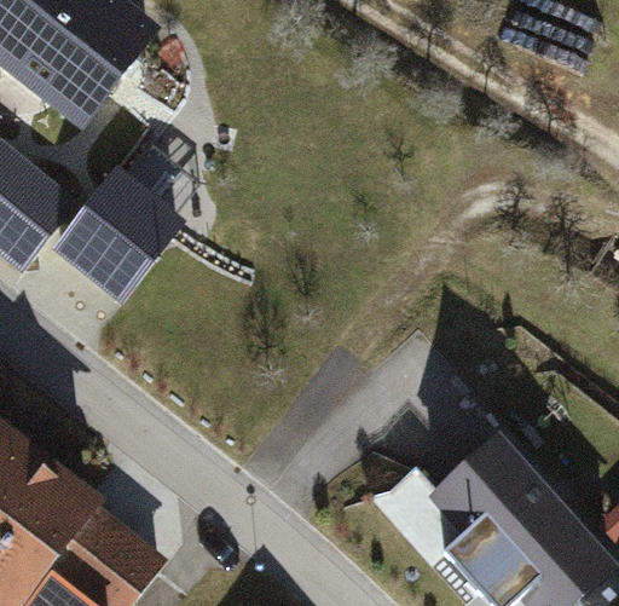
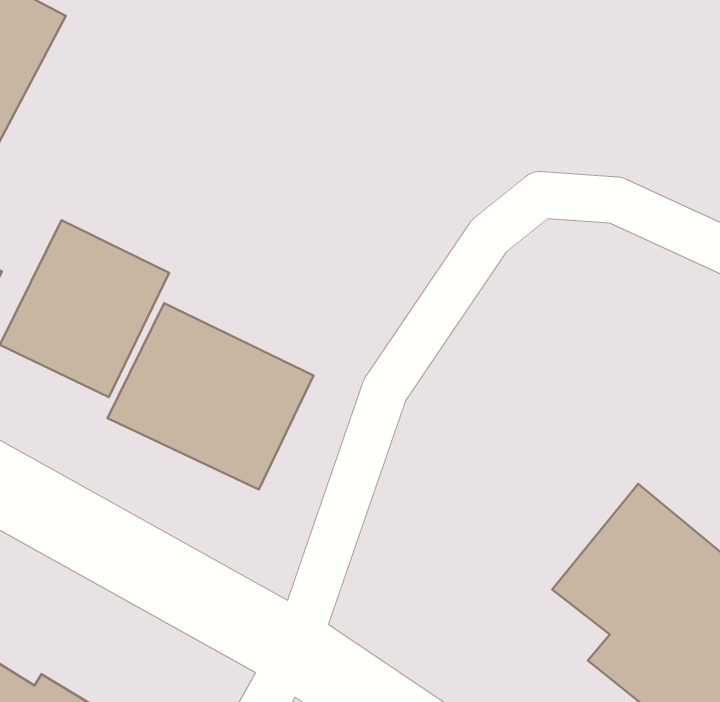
building: none -> [108,303,314,490]

